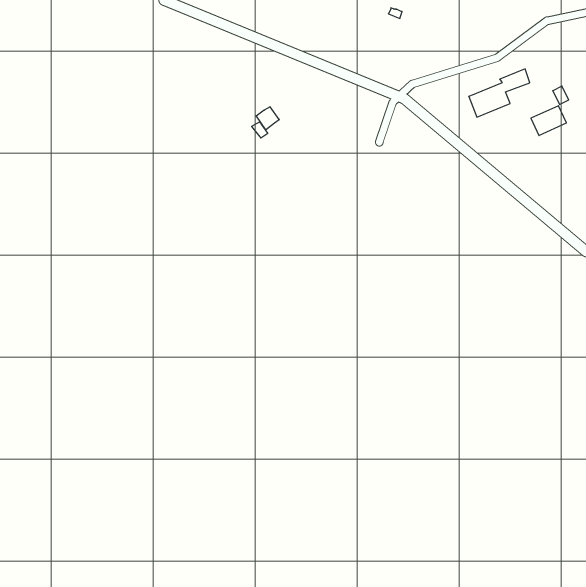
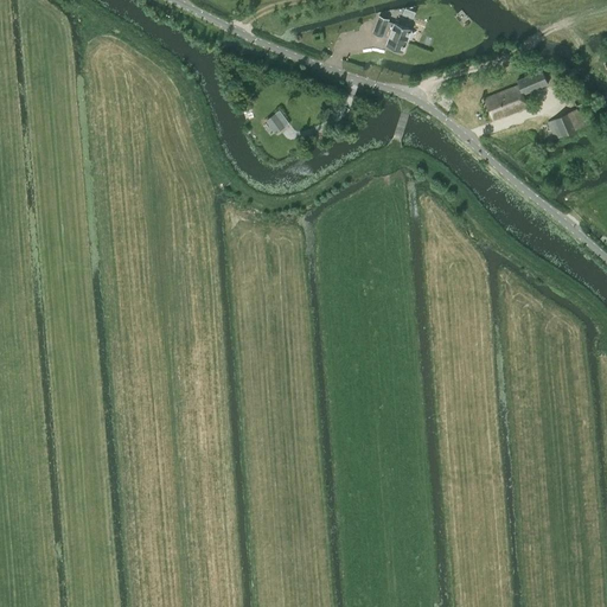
building: none -> [371,15,411,51]

